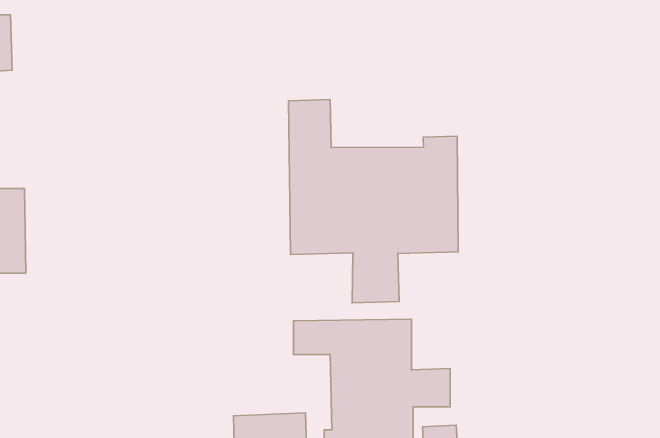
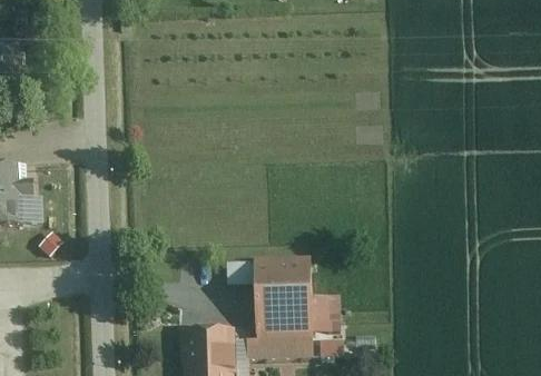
building: [289,100,458,303] -> none

